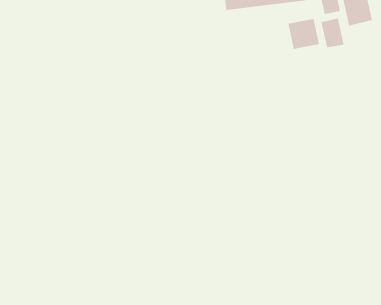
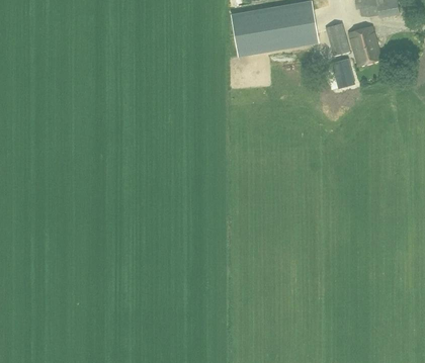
building: [287,18,320,50] -> none

